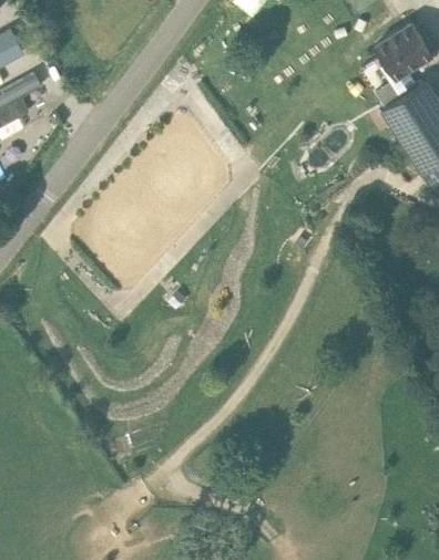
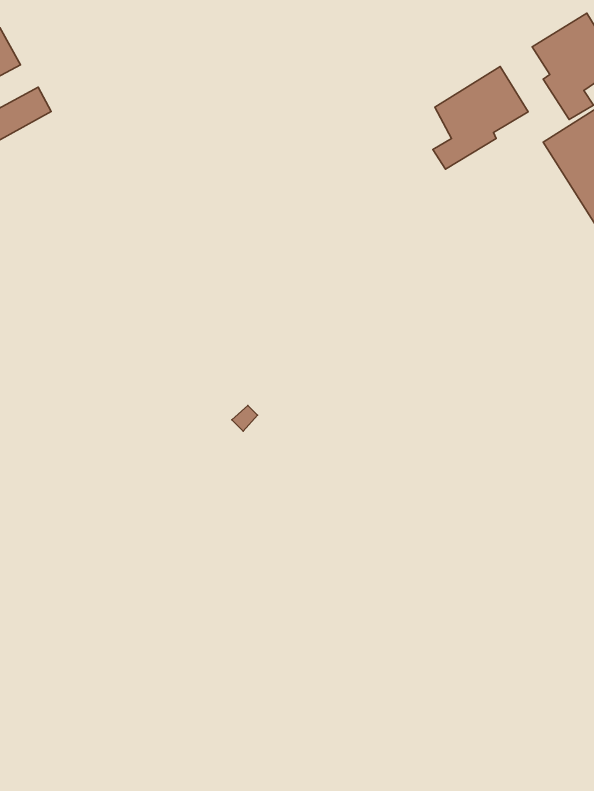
building: none -> [433,66,528,169]

